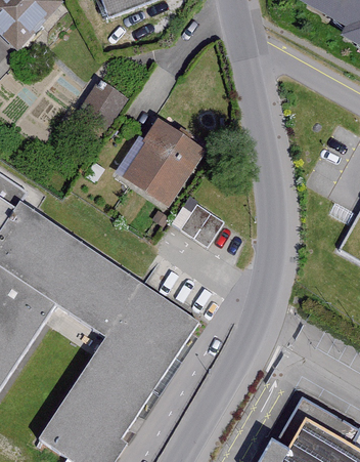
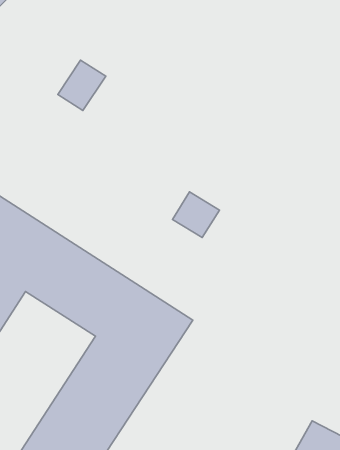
building: [119,124,202,213] -> none

